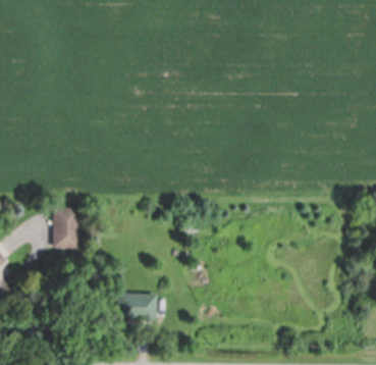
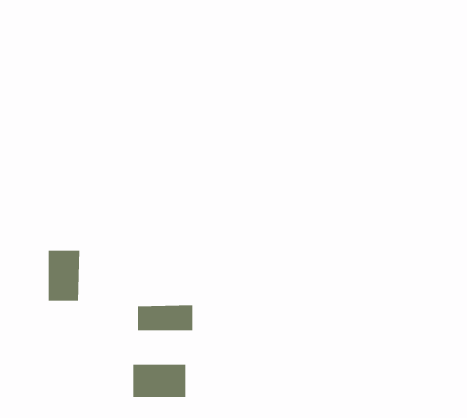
building: none -> [137,305,193,331]

